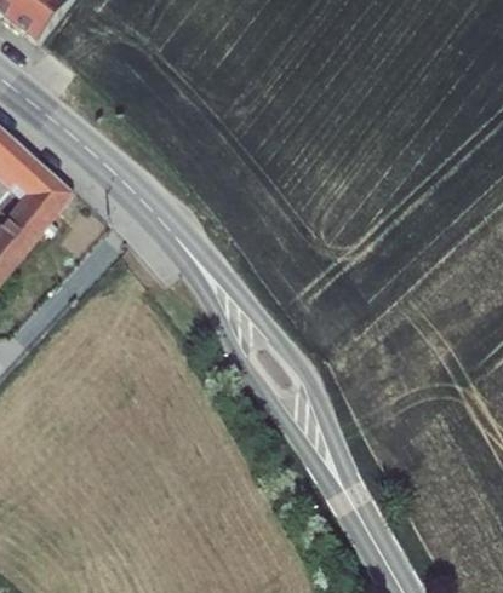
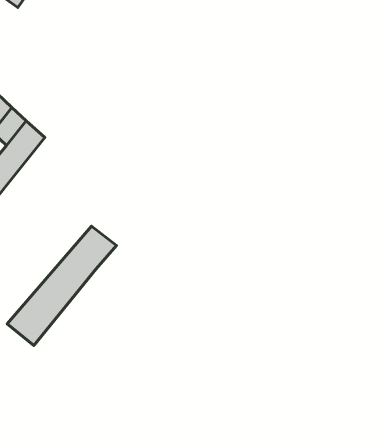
building: none -> [7,226,116,345]

